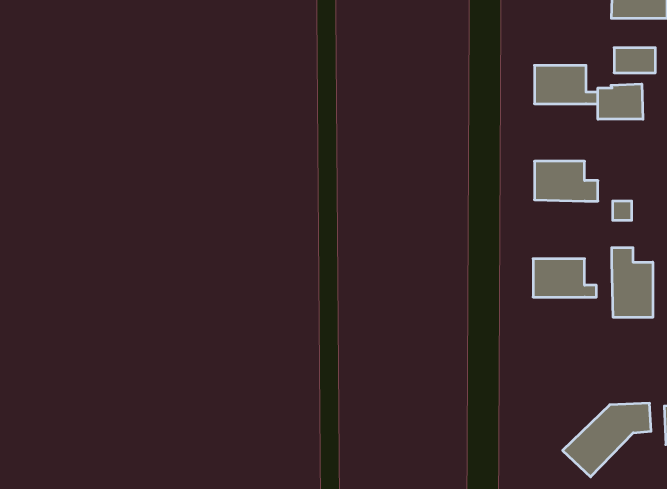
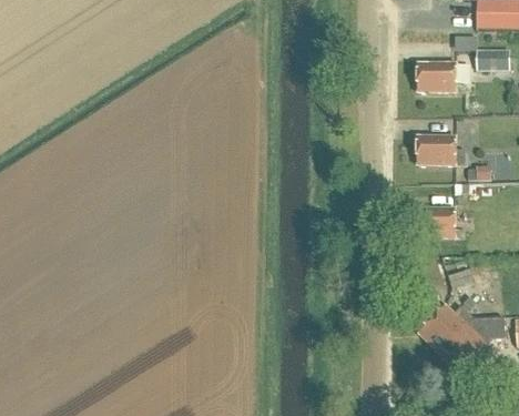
building: [598,84,643,119] -> none
building: [612,248,653,317] -> none
building: none -> [419,305,475,352]

